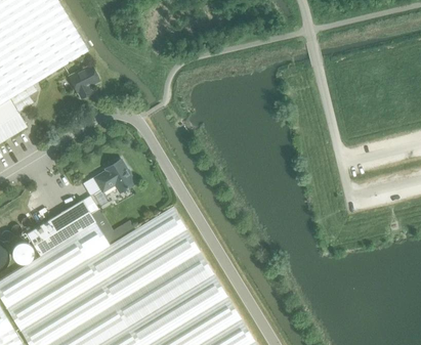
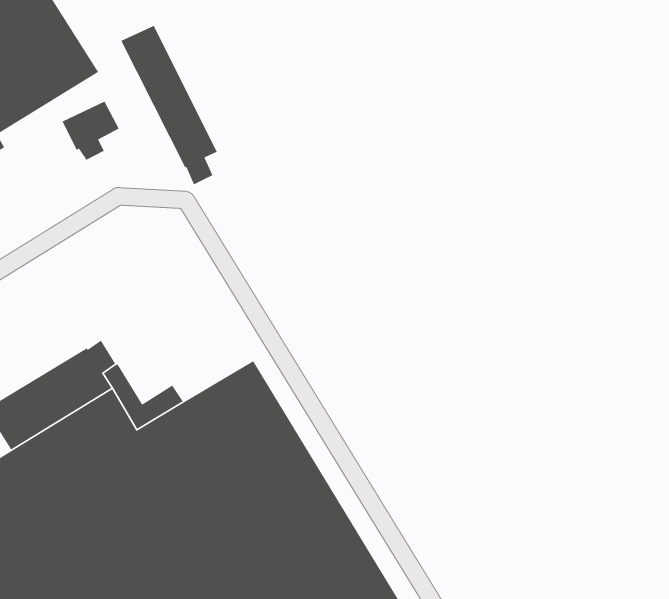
building: none -> [120,25,218,185]
building: [93,160,133,192] -> none

